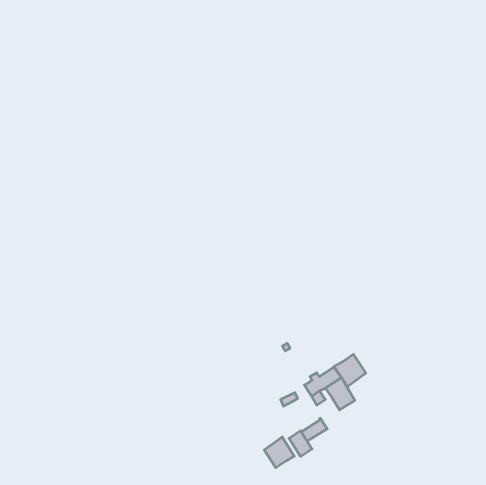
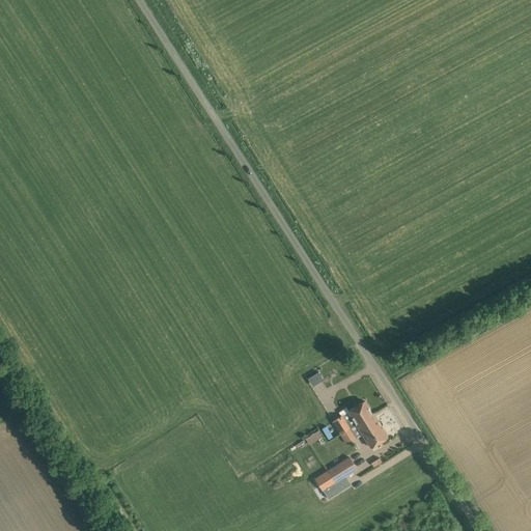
building: [334,354,366,387] -> none
building: [264,437,294,468] -> none

